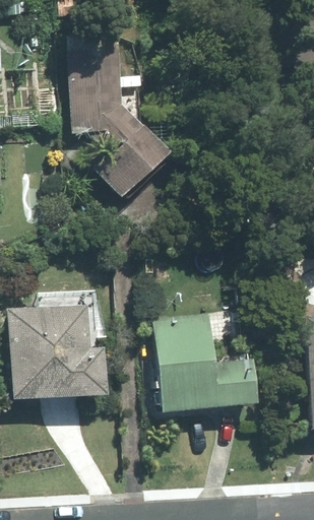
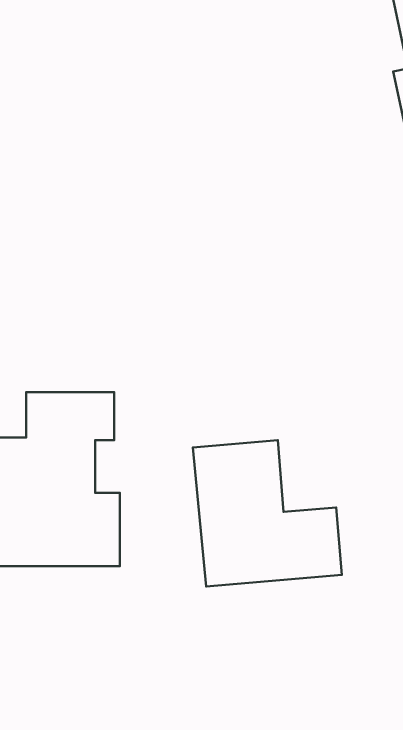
building: [71,29,171,199] -> none

